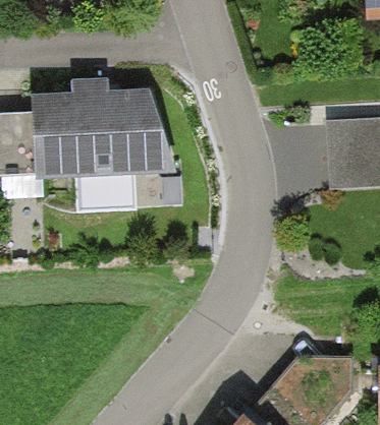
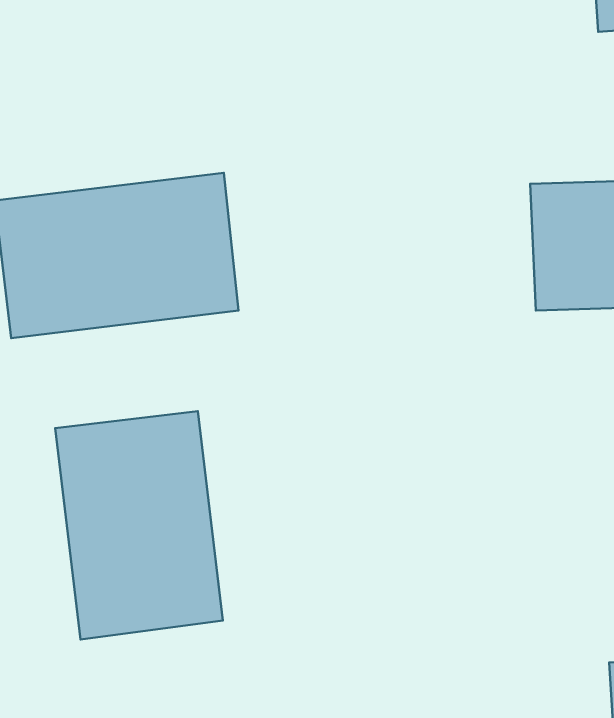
building: none -> [55,411,223,639]

